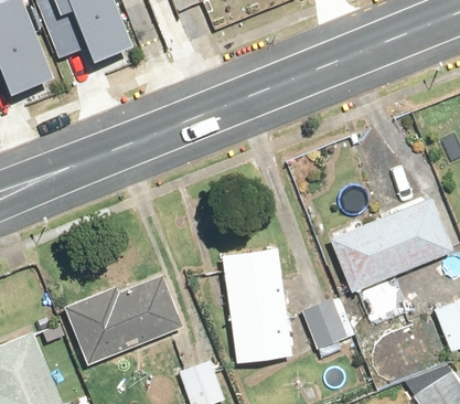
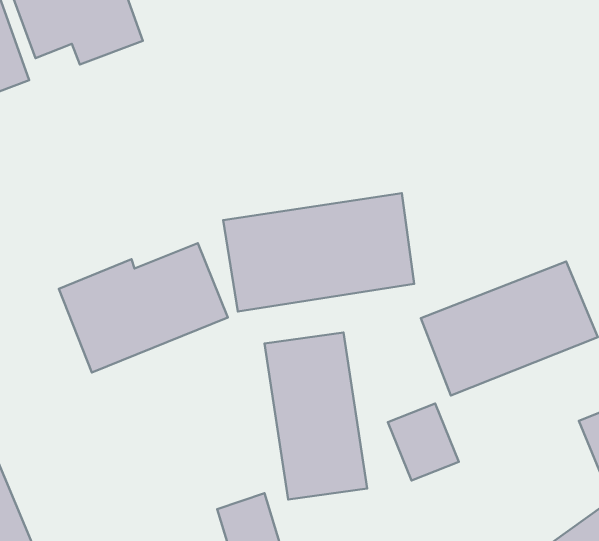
building: none -> [223,193,414,312]
building: [61,276,179,366] -> [59,243,228,373]

